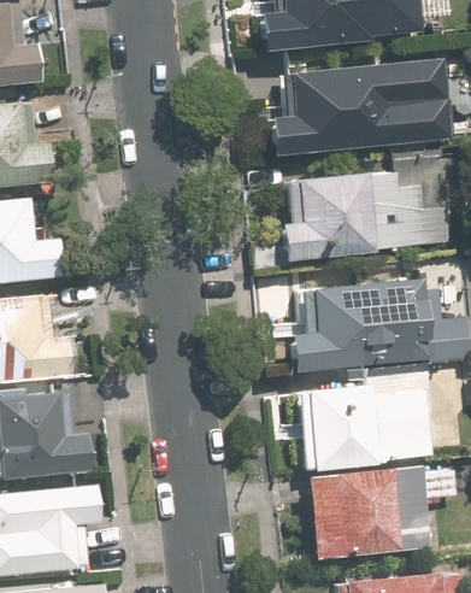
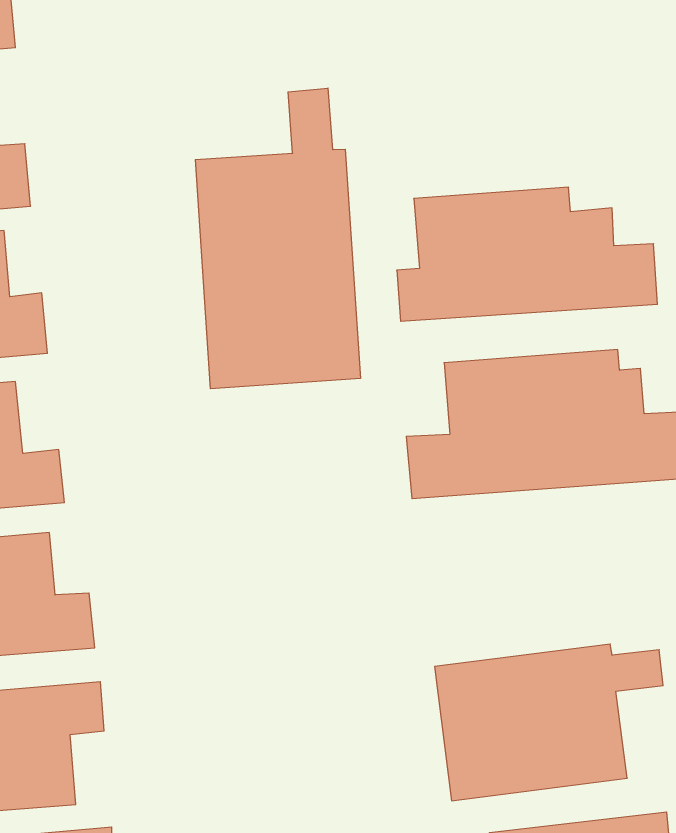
building: [267,59,447,152] -> none
building: none -> [195,88,360,389]
building: [304,384,429,471] -> none

